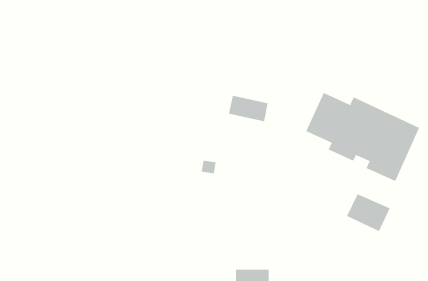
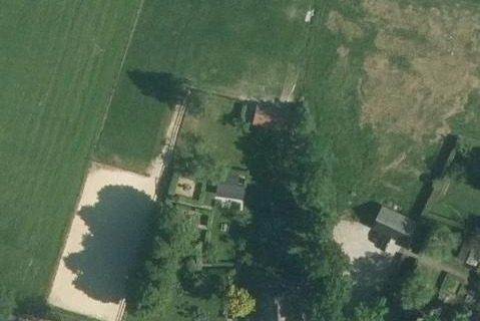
building: [305,92,420,182] -> none

